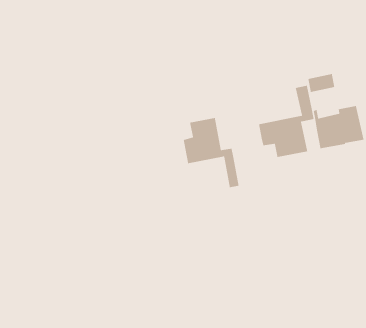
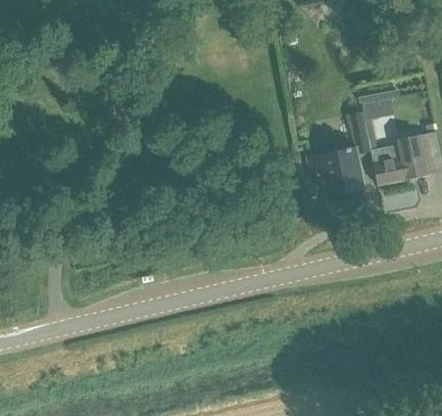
building: [183,117,240,188] -> none

